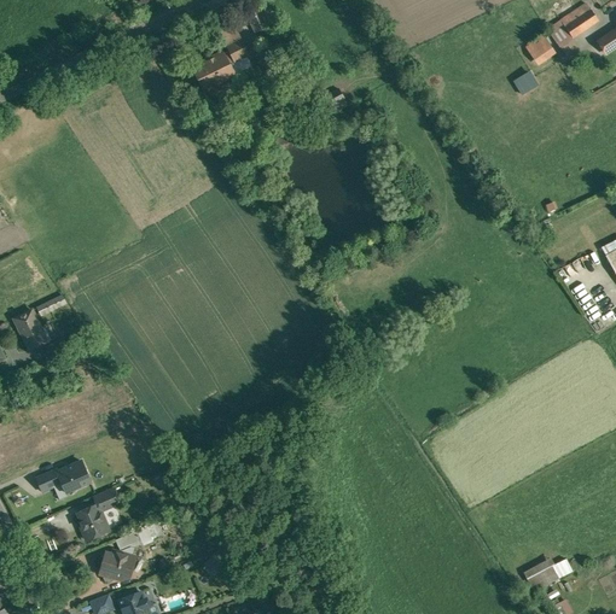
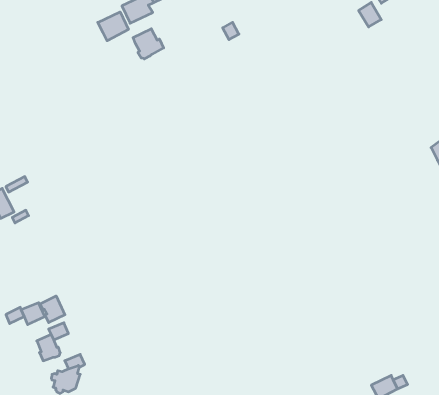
building: none -> [98,12,128,41]
building: none -> [133,29,164,59]
building: none -> [40,296,65,323]

